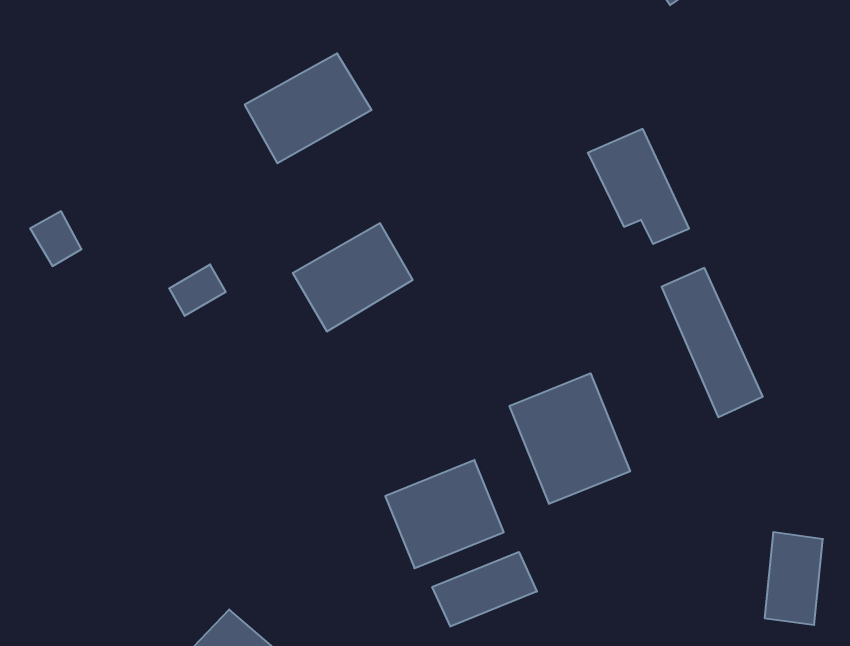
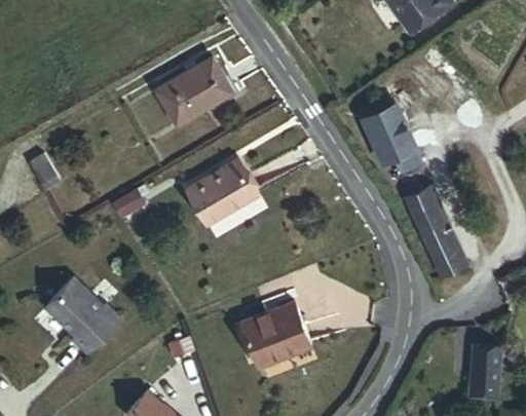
building: [510,373,630,504] -> none
building: none -> [45,279,120,355]
building: [432,552,537,627] -> none

